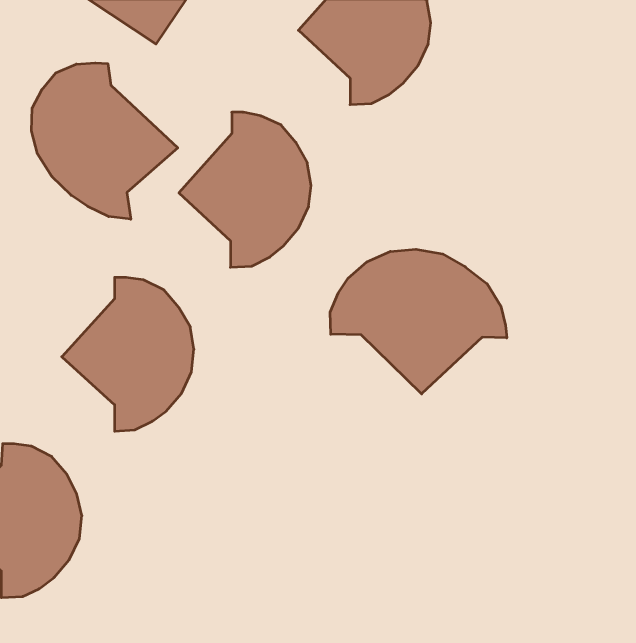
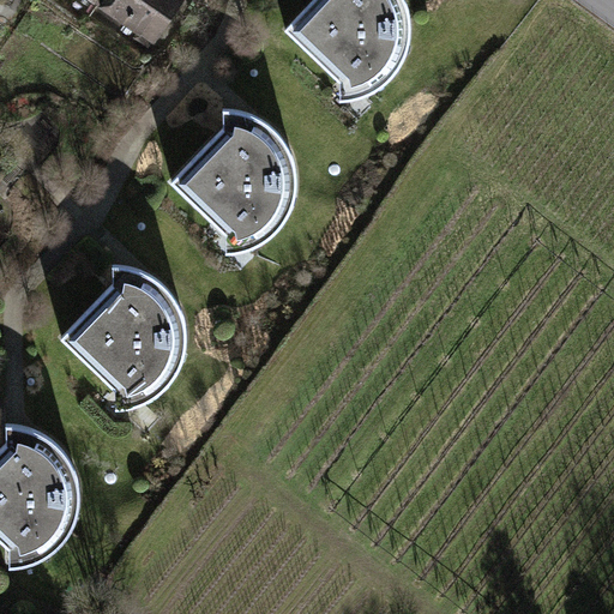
building: [31,63,178,219] -> none
building: [330,249,507,394] -> none

